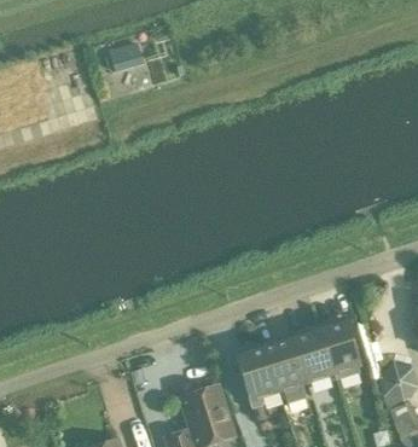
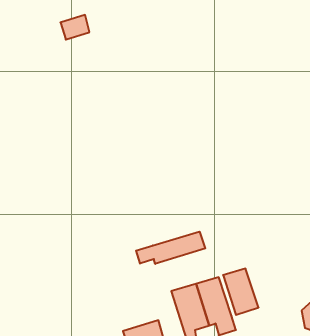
building: none -> [136,232,205,264]
building: [318,319,359,379] -> none

